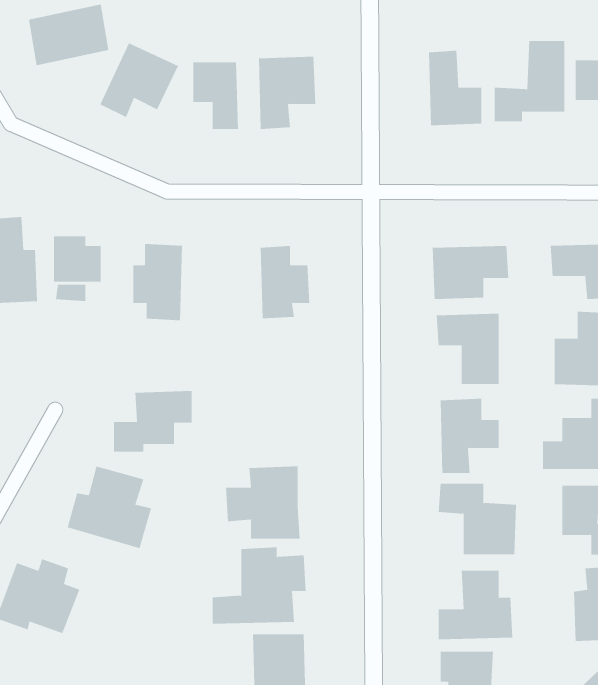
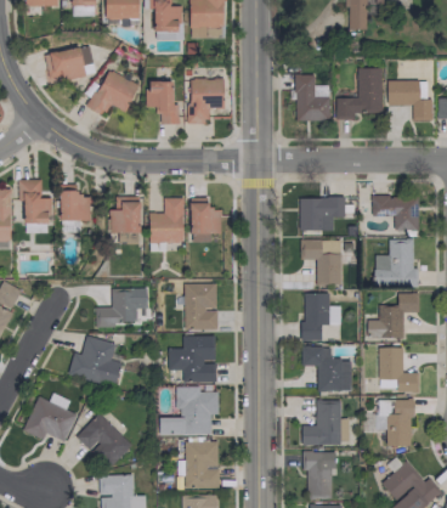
building: none -> [148,197,183,243]
building: none -> [183,284,217,329]
building: none -> [77,413,132,468]

